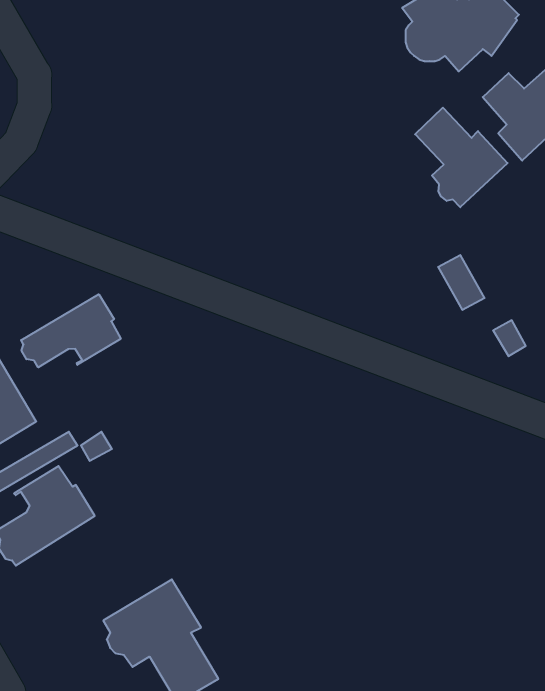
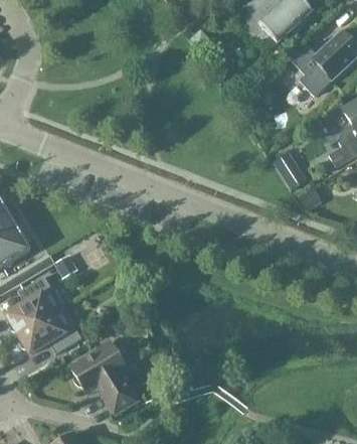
building: [415,108,508,207] -> none
building: [21,294,121,367] -> none
building: none -> [18,305,81,354]

